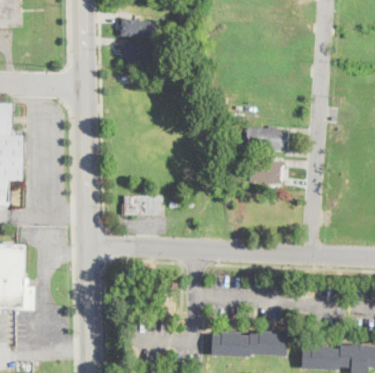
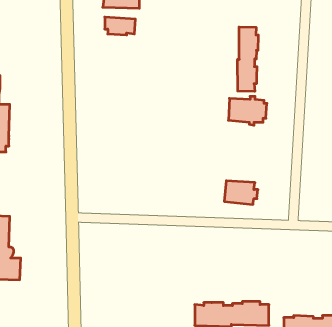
building: none -> [238,27,258,91]
building: [249,160,283,184] -> [224,181,258,204]
building: [124,195,162,214] -> none

